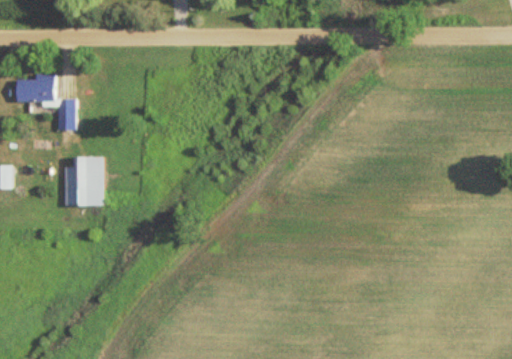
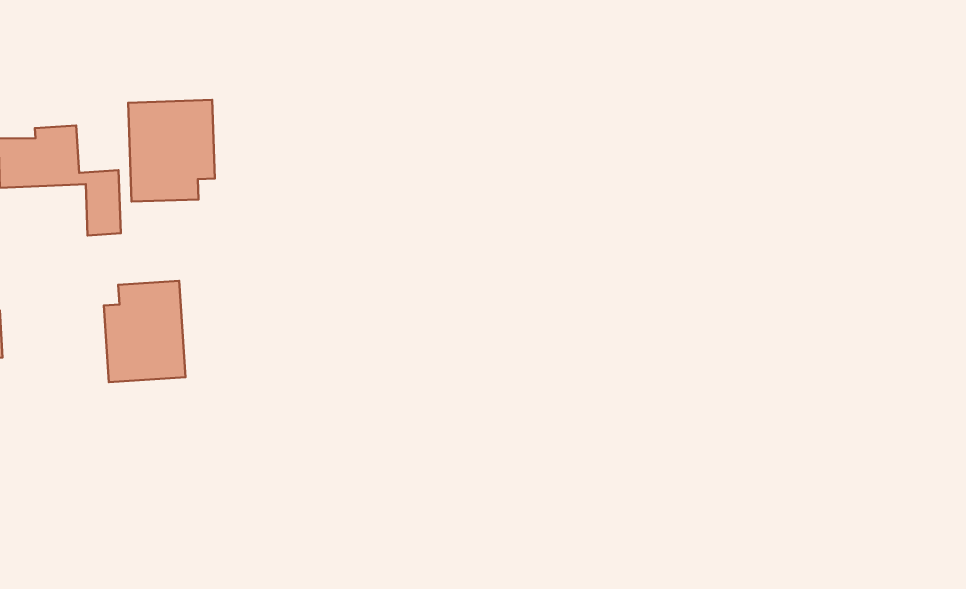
building: none -> [128,100,215,202]

